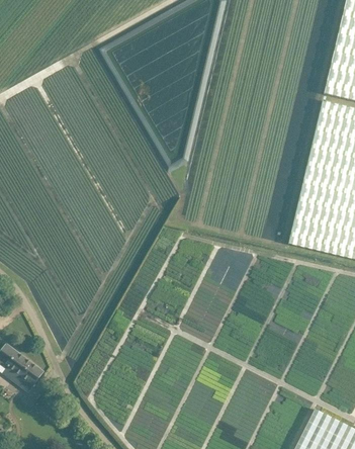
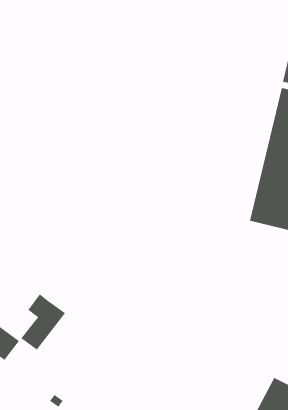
building: none -> [20,294,66,351]

